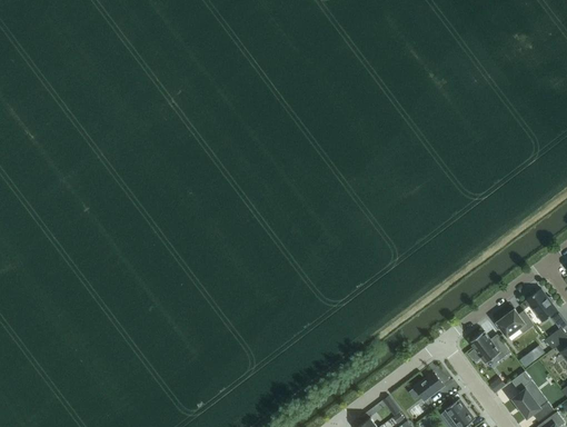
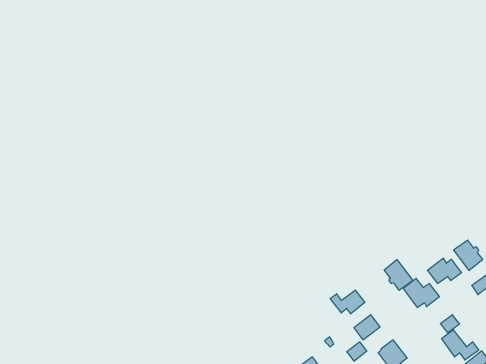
building: none -> [384,260,413,290]
building: none -> [330,290,365,314]

